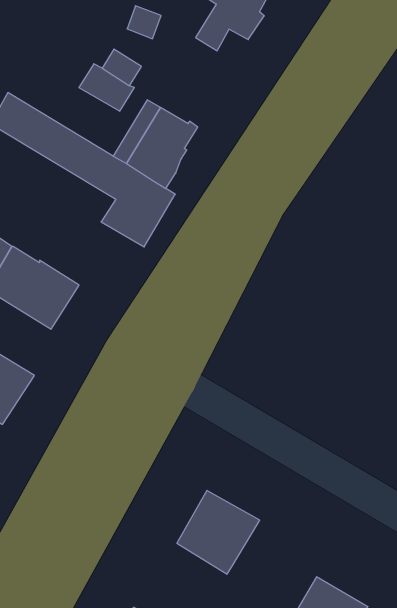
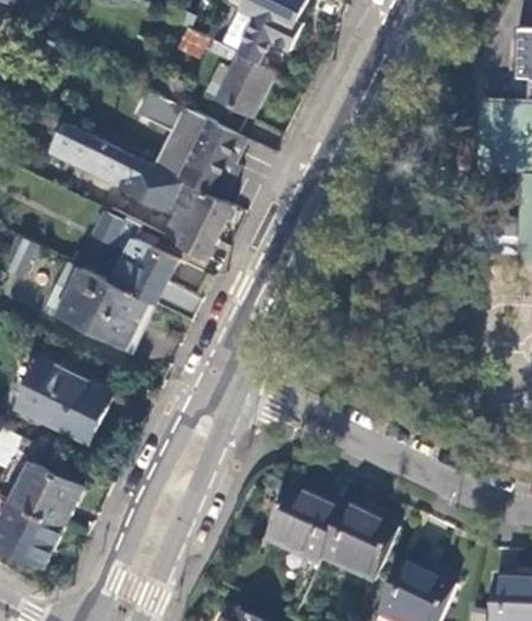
building: none -> [206,41,274,118]
building: none -> [92,213,202,321]
building: none -> [320,506,396,582]

